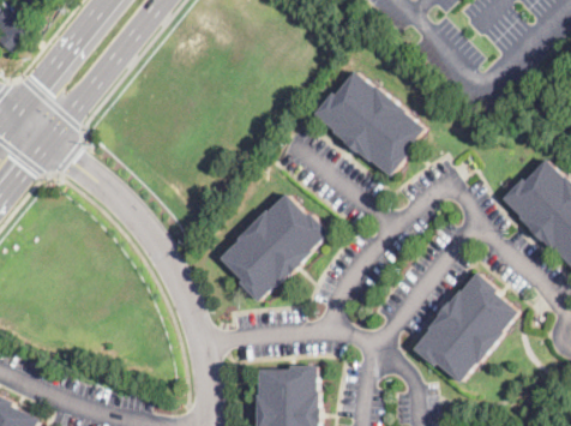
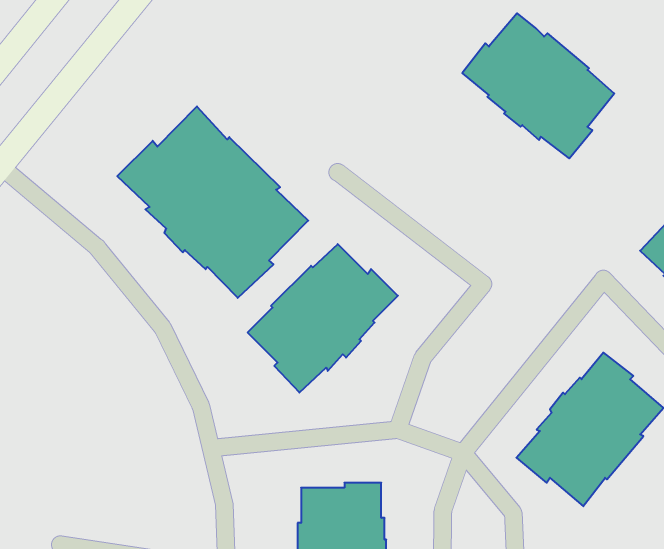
building: [313,71,422,175] -> [462,13,614,158]
building: none -> [117,106,308,298]

